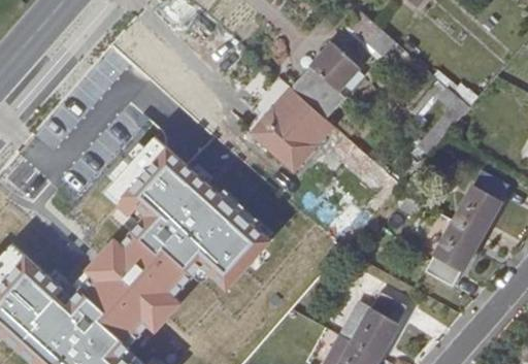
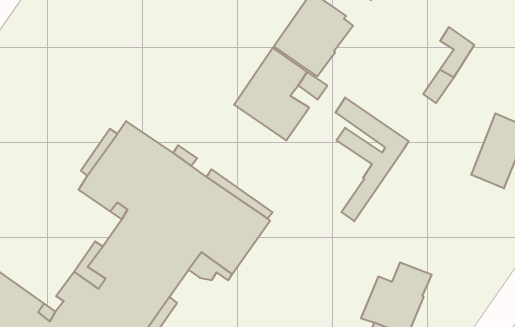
building: [426,221,481,287] -> none

